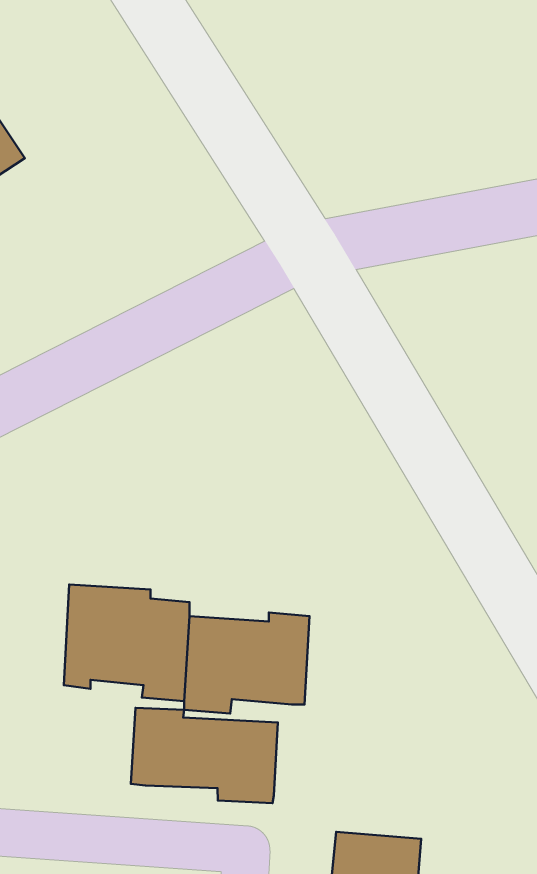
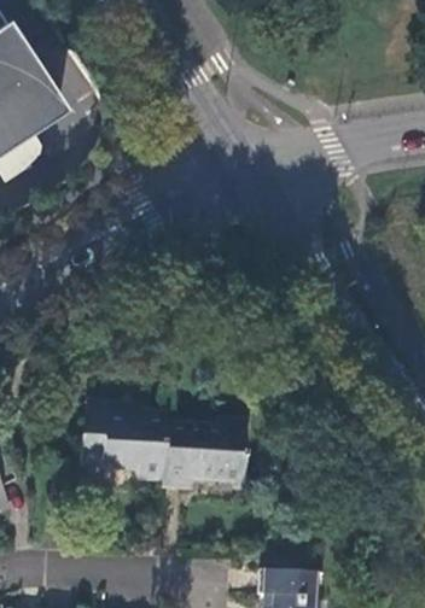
building: [131,708,278,803] -> none

